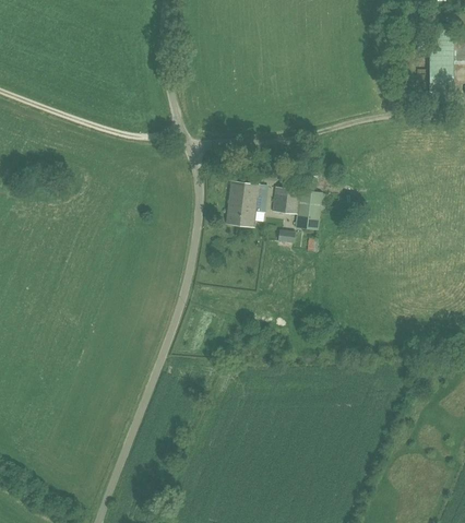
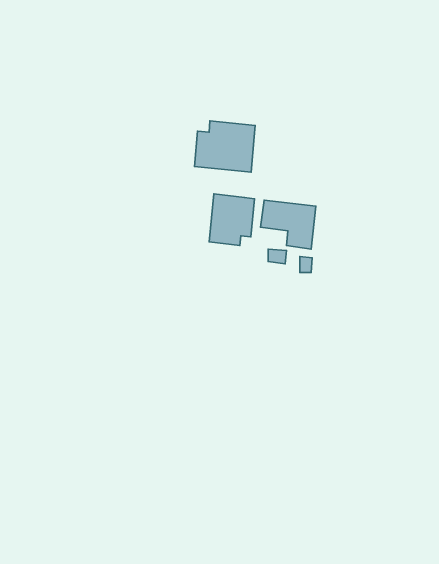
building: none -> [194,121,255,172]

